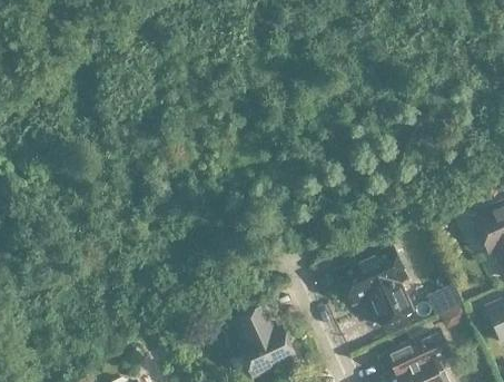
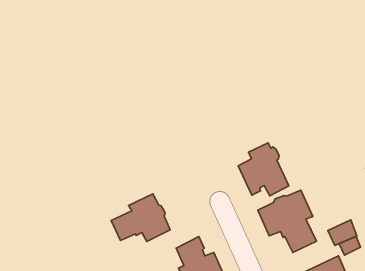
building: none -> [238,143,289,196]
building: none -> [111,194,170,241]

